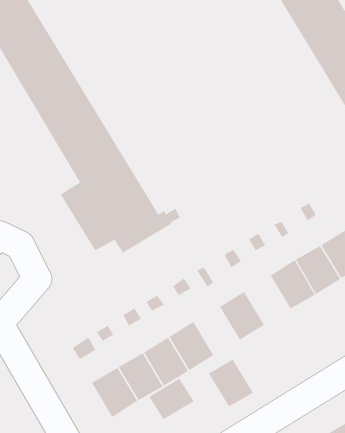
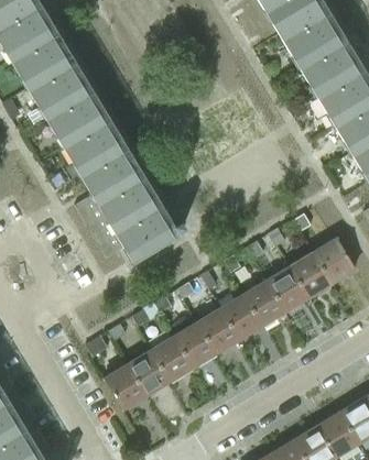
building: none -> [246,280,287,325]
building: [208,359,254,407] -> [199,308,241,352]
building: [148,378,194,420] -> none

